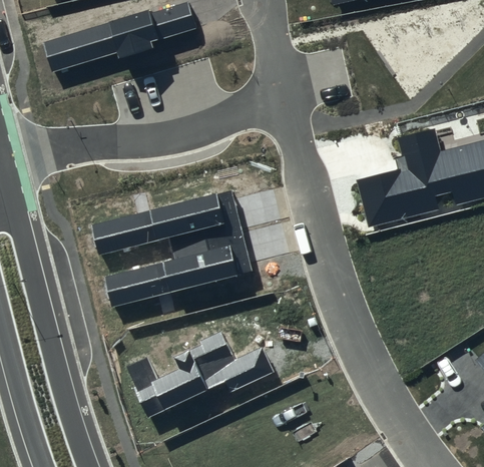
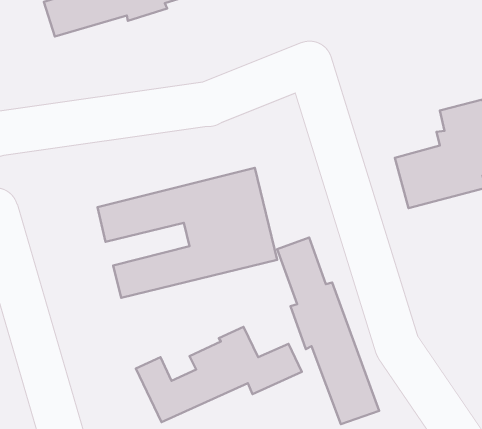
building: none -> [277,237,379,424]

